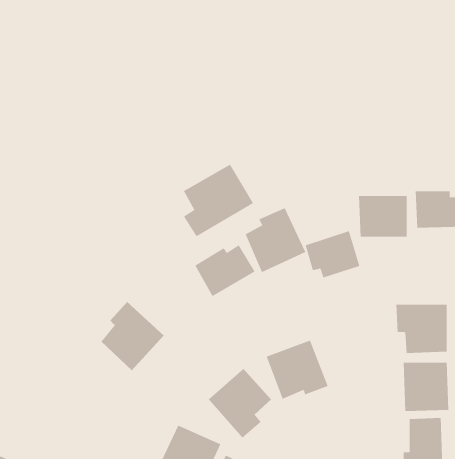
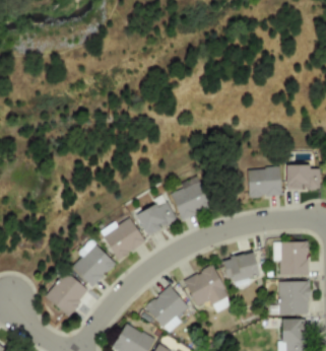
building: [183,164,254,237] -> none
building: [305,230,360,278] -> [222,252,260,284]
building: none -> [102,216,146,260]
building: none -> [46,272,89,317]

